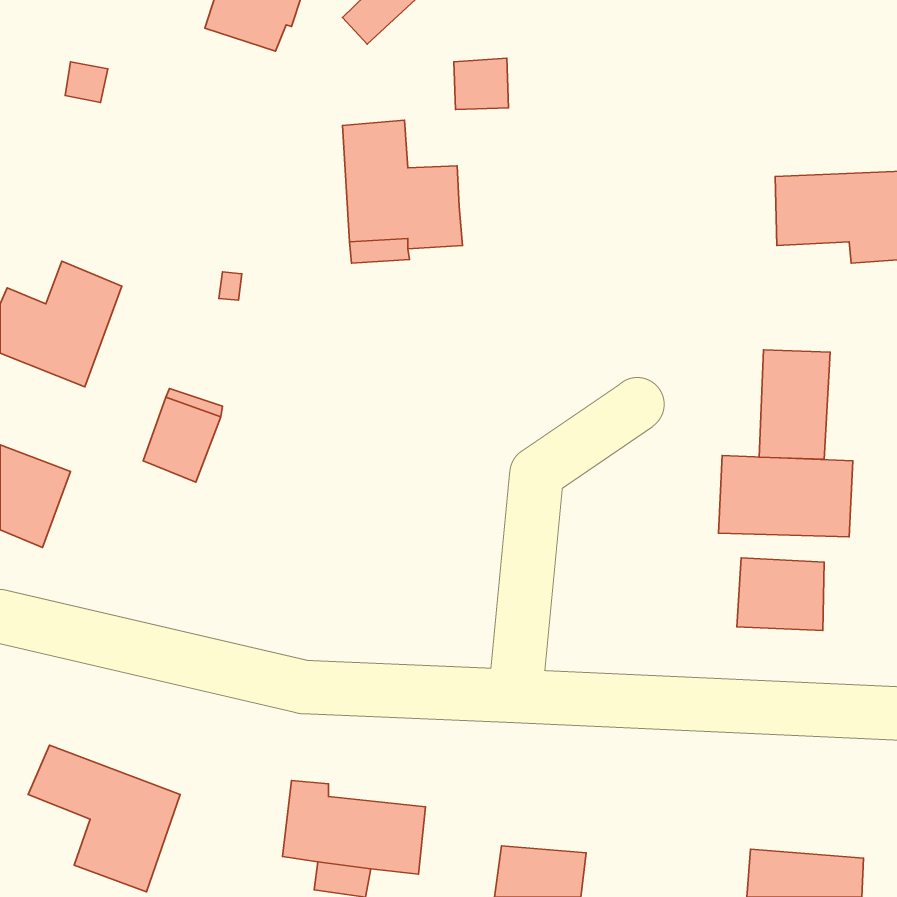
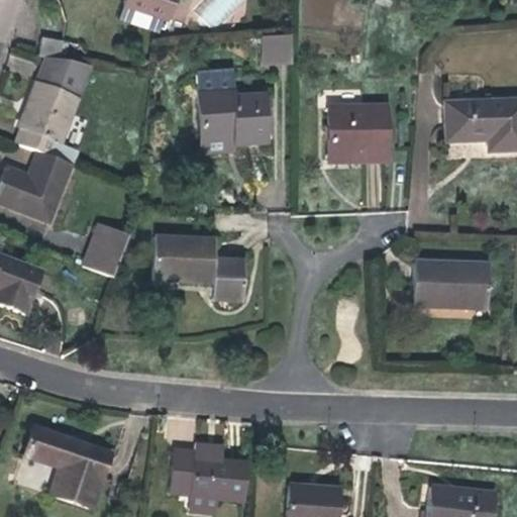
building: none -> [15,62,90,164]
building: none -> [329,104,389,157]
building: [759,350,830,459] -> none
building: none -> [153,234,246,300]
building: [737,558,824,630] -> none

